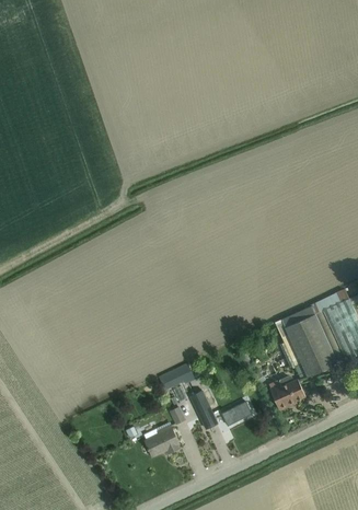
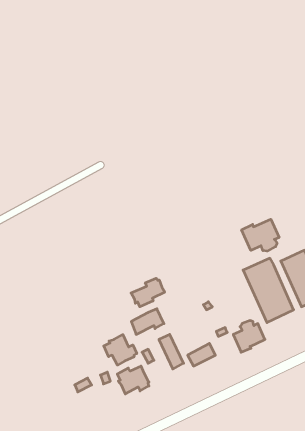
building: none -> [242,219,279,251]
building: none -> [131,278,165,307]
building: none -> [104,335,137,365]

